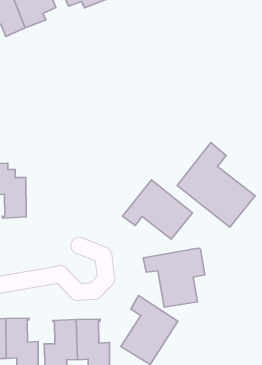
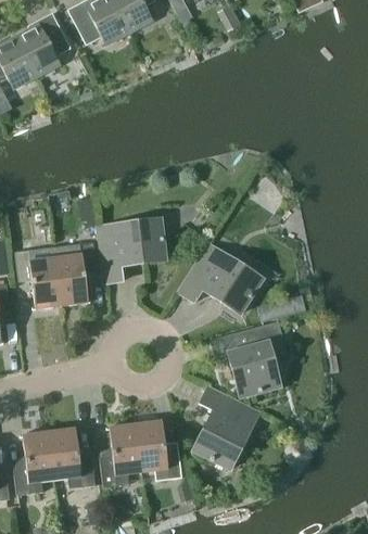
building: [177,142,255,227] -> none
building: none -> [98,218,165,282]
building: none -> [55,242,97,305]

